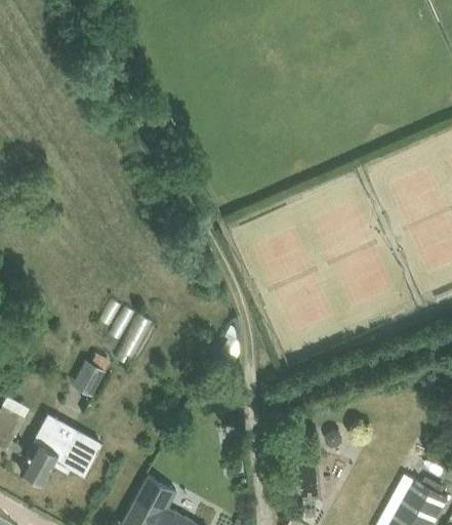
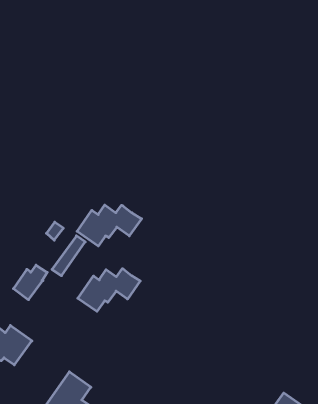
building: none -> [77,205,142,246]
building: none -> [78,269,140,311]

